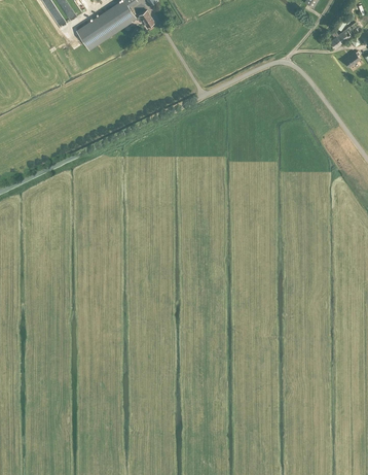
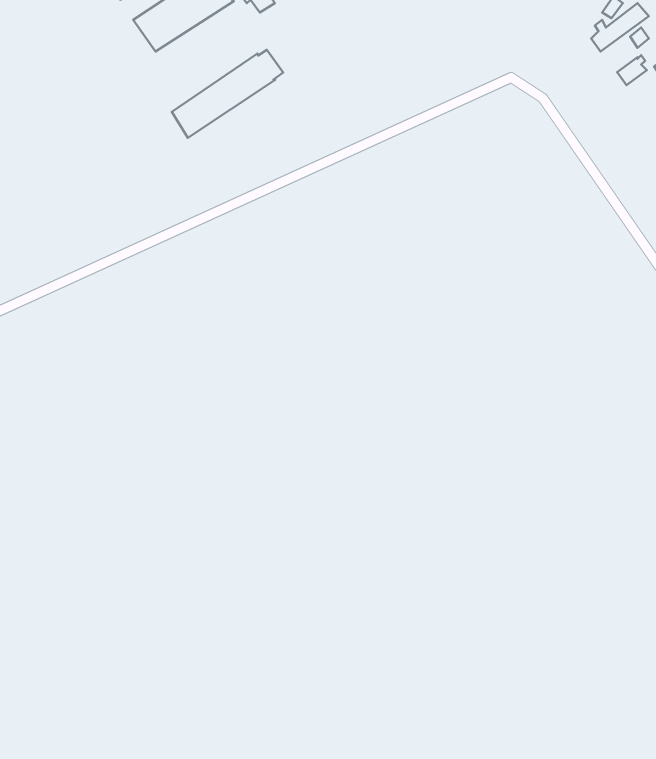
building: none -> [172,50,283,138]

